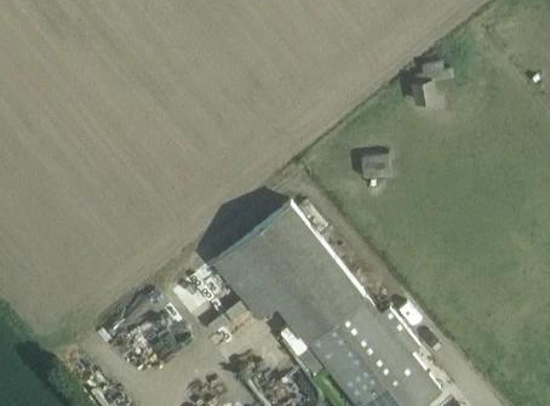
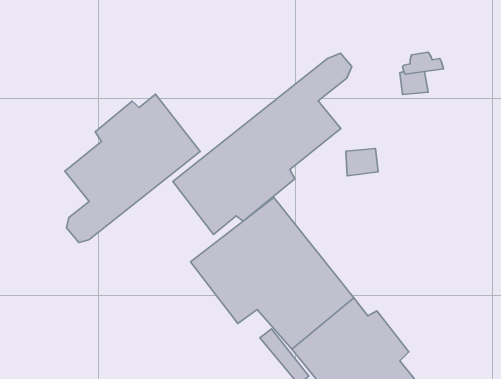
building: none -> [173,53,352,234]
building: none -> [65,94,200,242]

